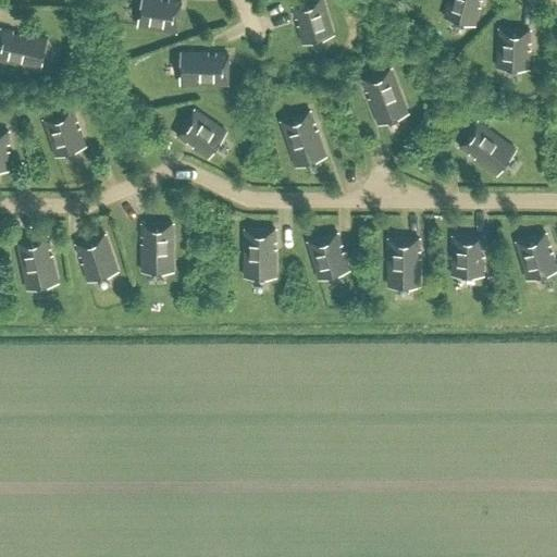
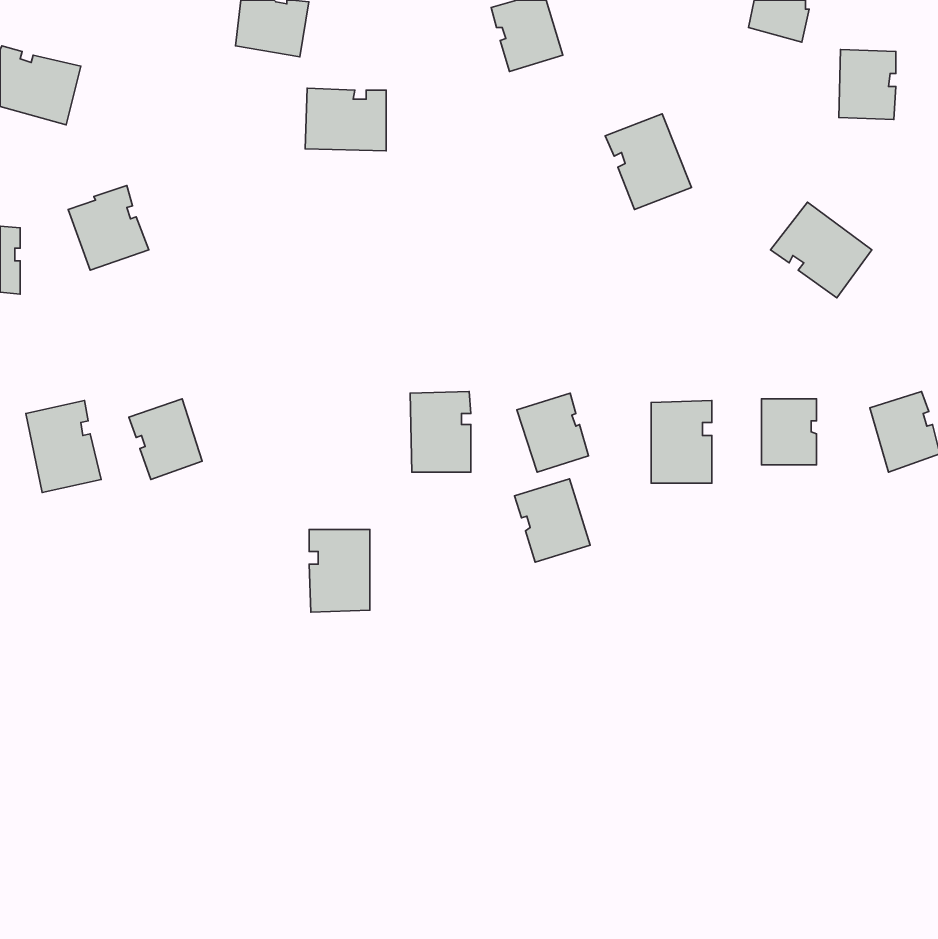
building: [278,110,327,168] -> none
building: [177,111,228,160] -> none
building: [141,225,177,274] -> [309,529,370,612]
building: none -> [514,479,590,562]

